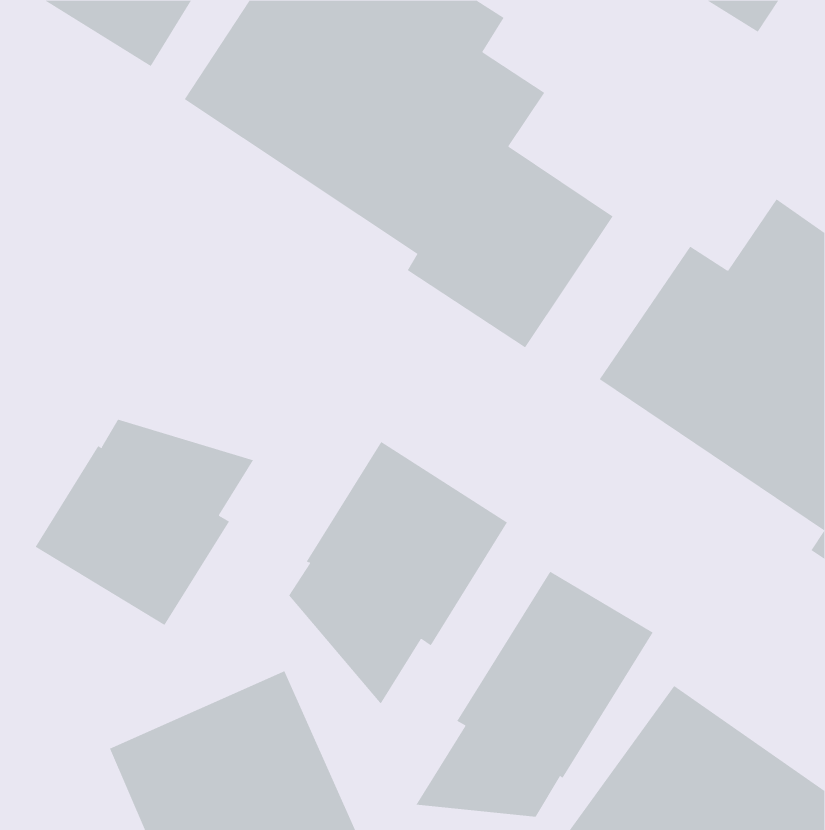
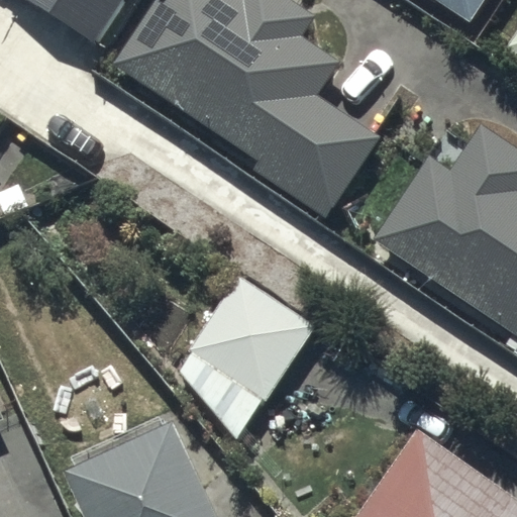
building: [35,419,254,626] -> none
building: [415,571,654,817] -> none

